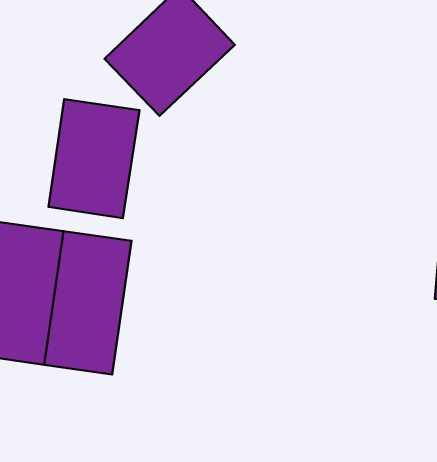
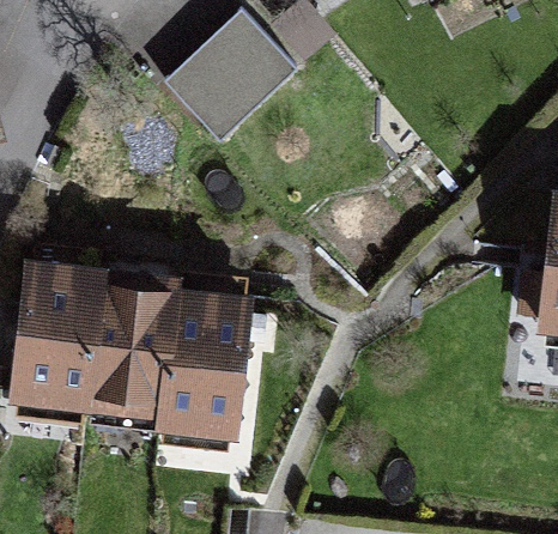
building: [49,99,139,218] -> none
building: none -> [168,281,266,441]

